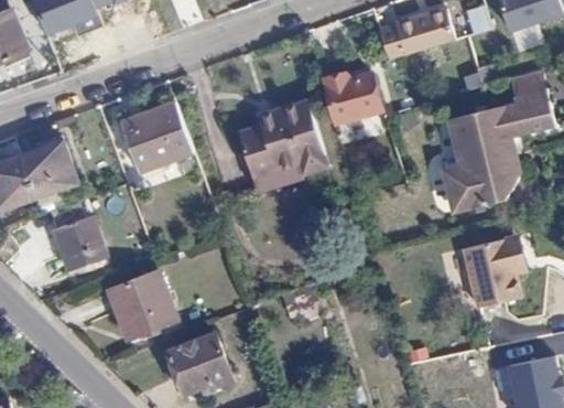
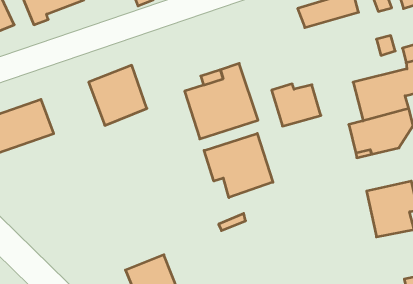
building: [321,72,381,124] -> [272,84,321,126]
building: none -> [204,133,273,198]
building: [51,216,108,272] -> none
building: [107,272,176,339] -> none

